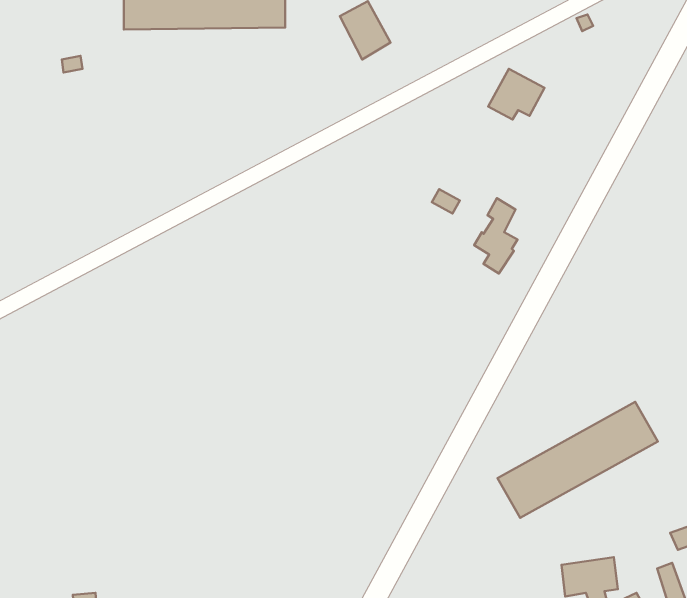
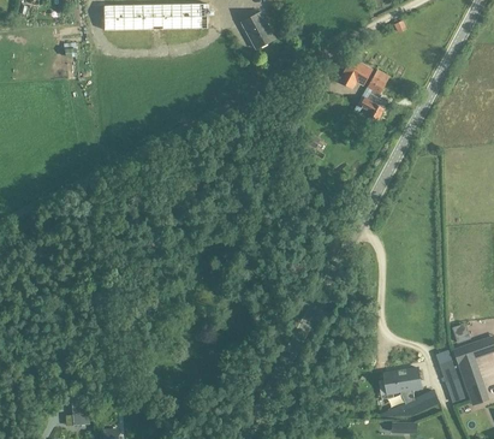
building: [474,198,517,273] -> [358,75,386,123]
building: [498,402,658,518] -> none

